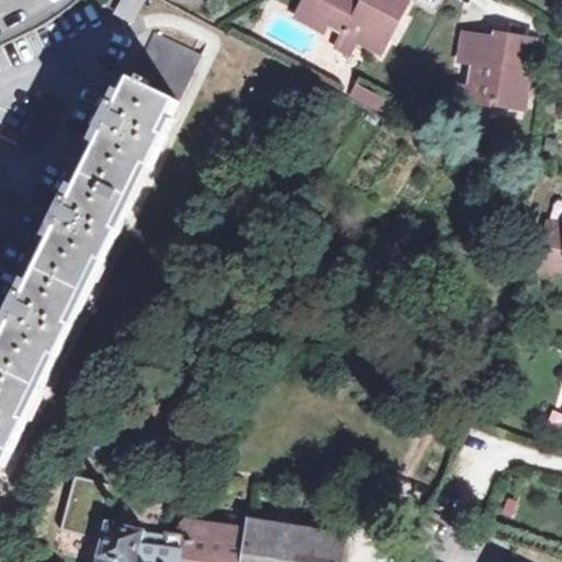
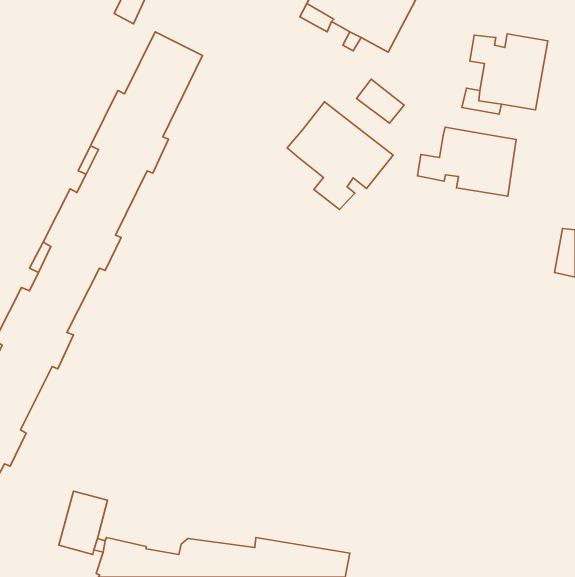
building: none -> [287,102,393,210]
building: none -> [418,127,516,196]

